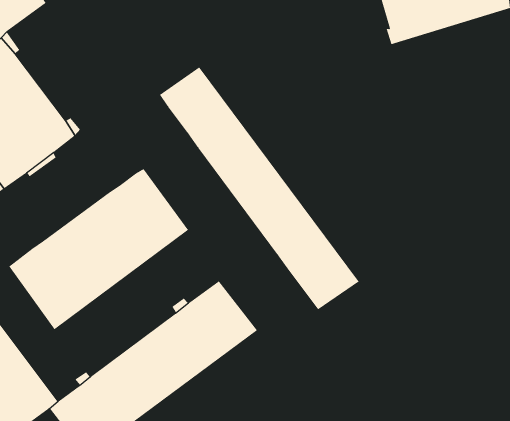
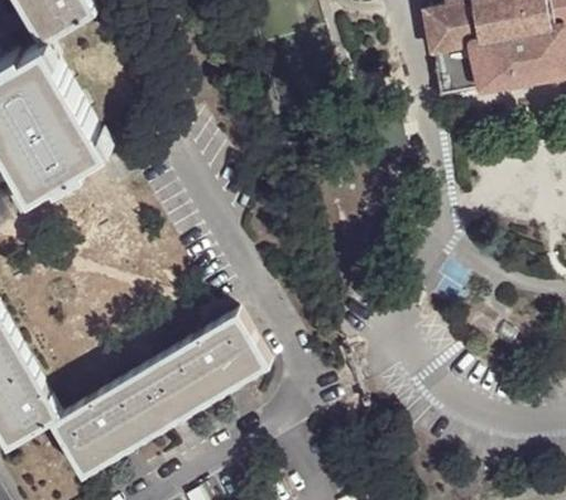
building: [159,66,360,310] -> none
building: [8,168,189,330] -> none

